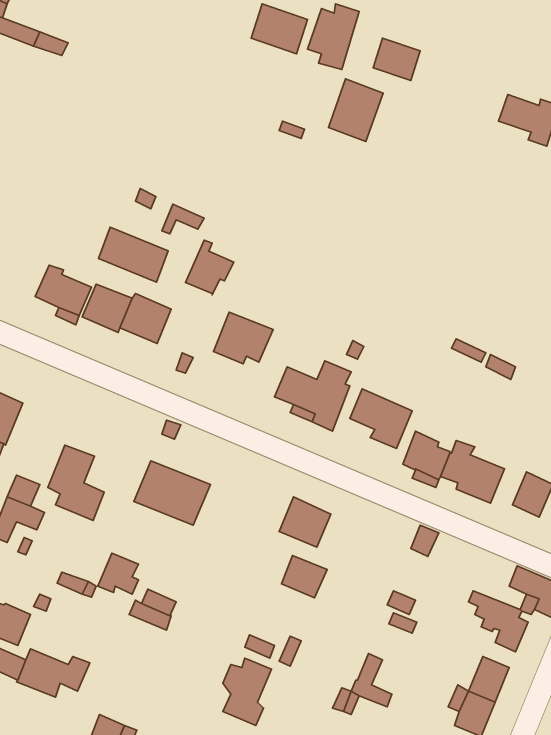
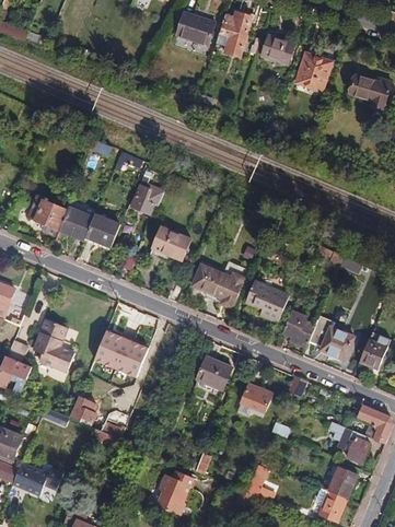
building: [328,79,383,142] -> [295,48,334,92]
building: [98,227,168,282] -> none
building: [282,556,327,598] -> [241,383,272,412]

